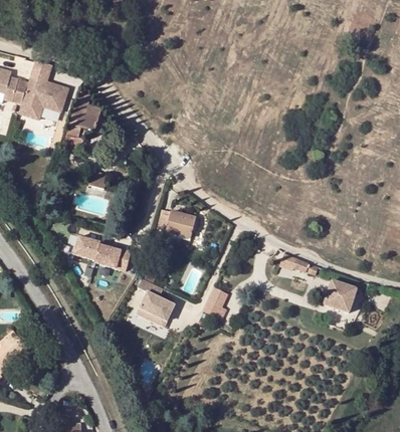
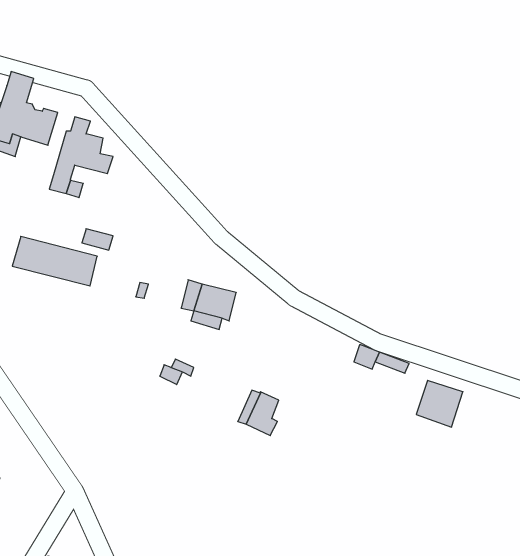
building: [73,236,134,271] -> [12,236,97,286]
building: [137,290,178,329] -> none

